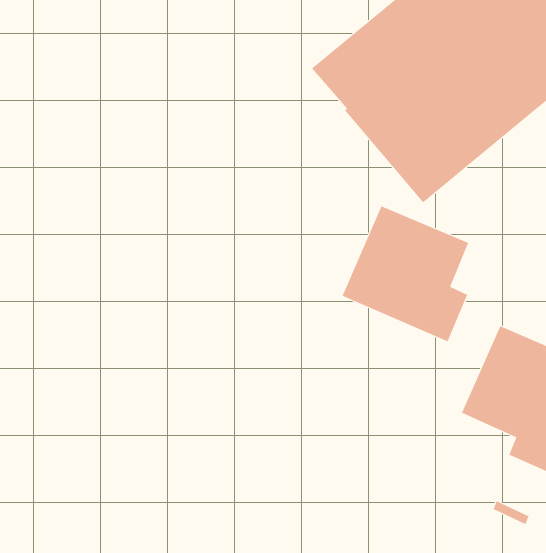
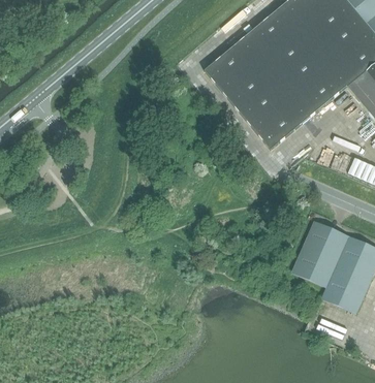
building: [342,205,469,342] -> none

